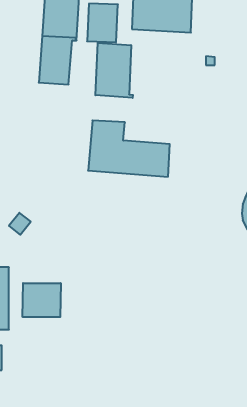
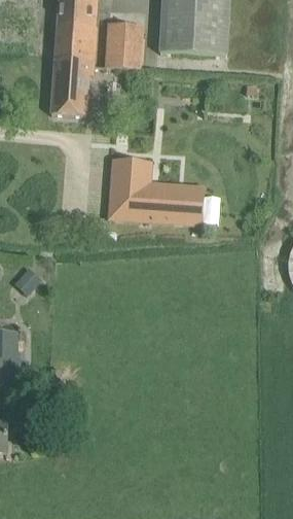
building: [95,43,133,98] -> none
building: [23,283,61,317] -> none

